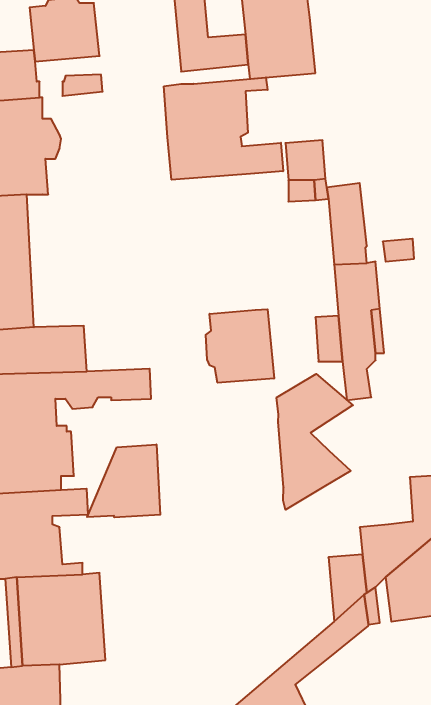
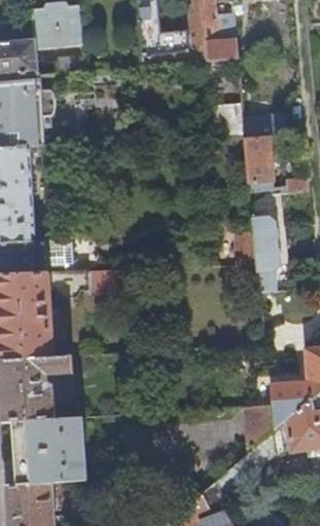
building: [164,77,283,180] -> none
building: [206,309,274,383] -> none
building: [277,374,353,510] -> none
building: [87,444,160,517] -> none

